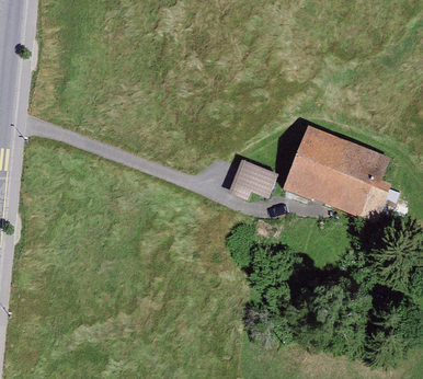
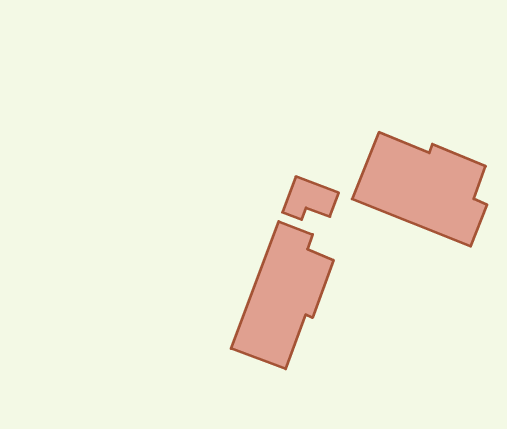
building: none -> [231,221,333,369]

